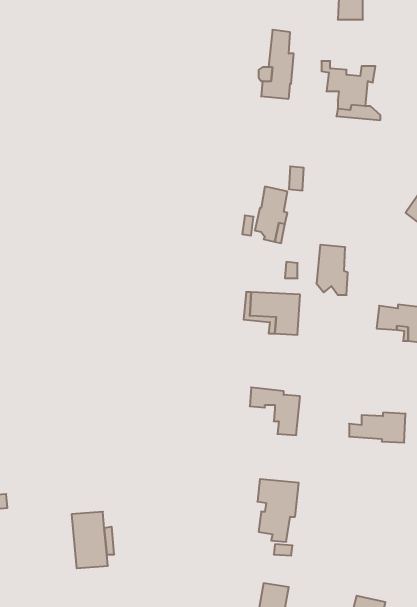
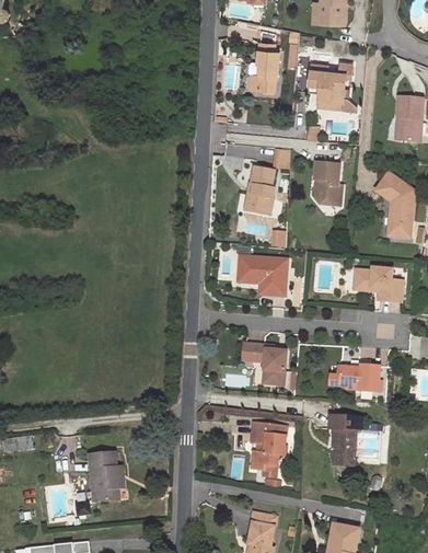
building: [316,245,348,295] -> [313,163,340,207]
building: none -> [326,415,361,465]

